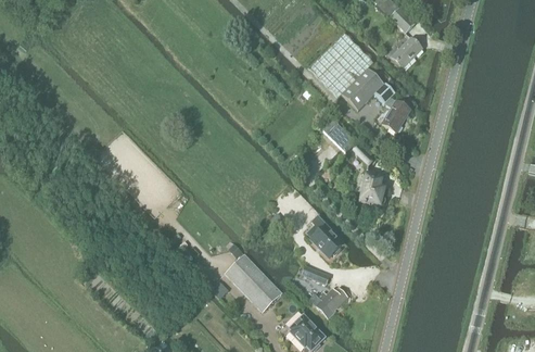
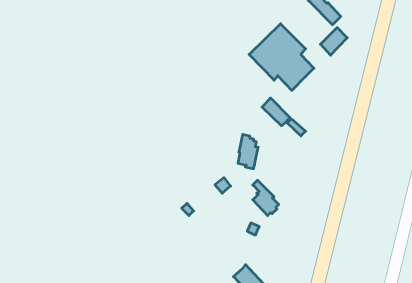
building: [373,81,410,131] -> none
building: [361,172,385,212] -> [238,134,258,169]
building: [225,253,282,311] -> none
building: [309,287,348,318] -> none

